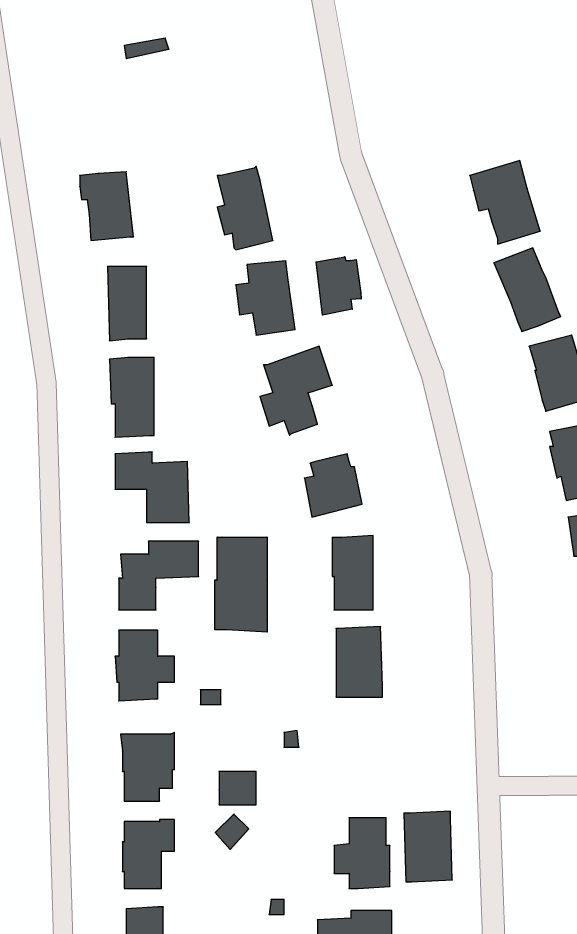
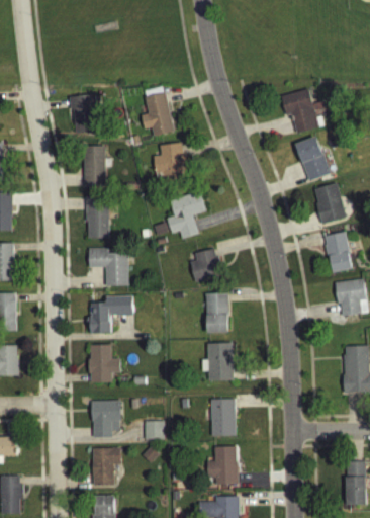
building: [316,257,361,315] -> none
building: [215,537,267,632] -> none
building: [404,811,452,882] -> [210,398,237,436]

